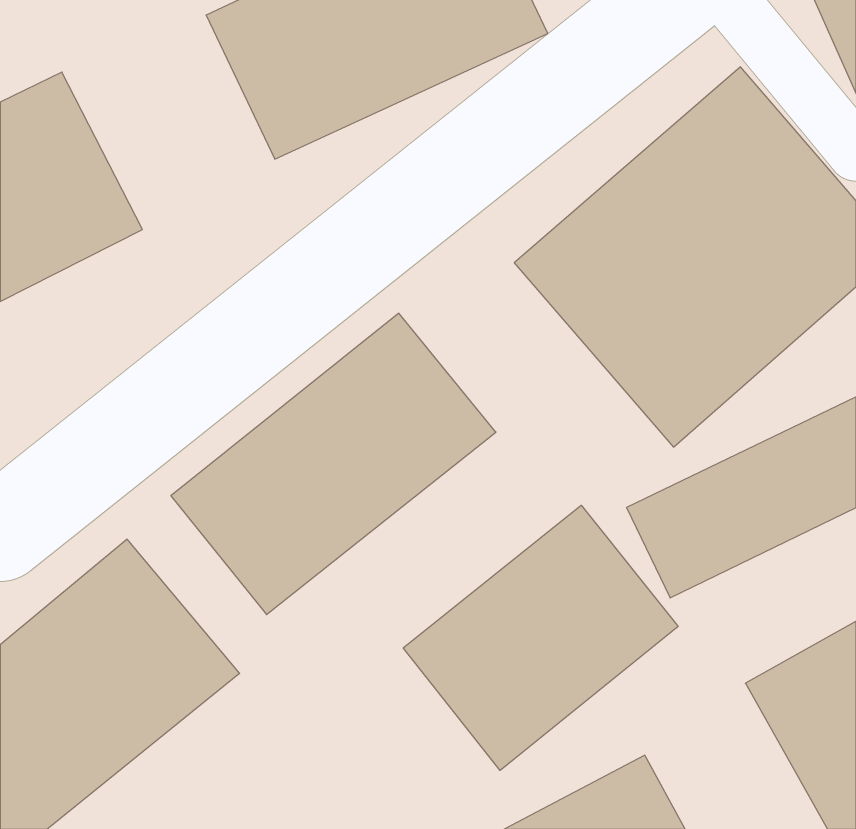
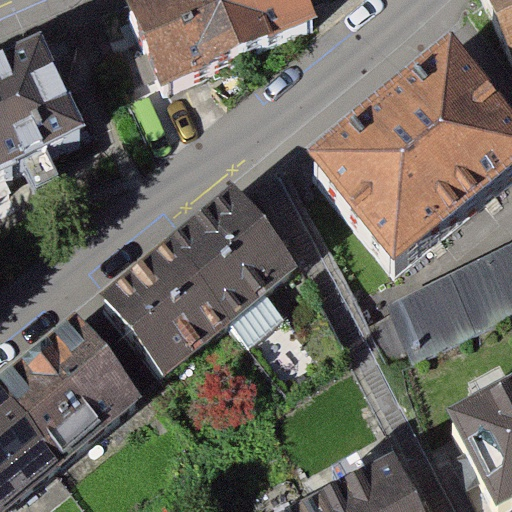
building: [403,505,678,770] -> none

